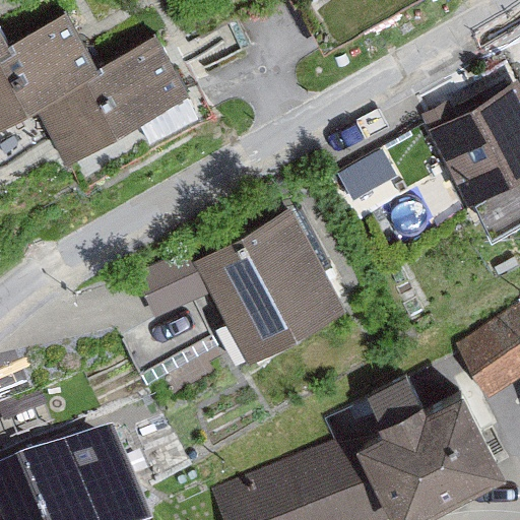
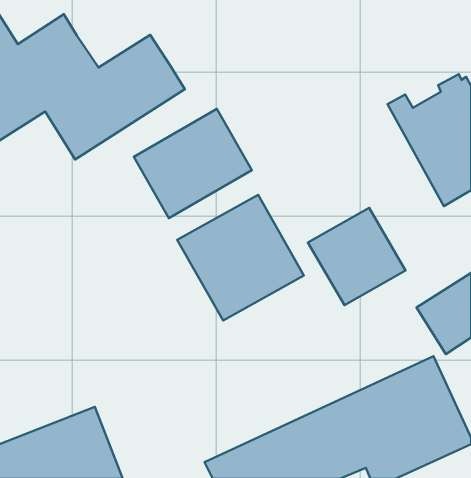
building: none -> [134,109,252,218]
building: none -> [308,208,406,305]

